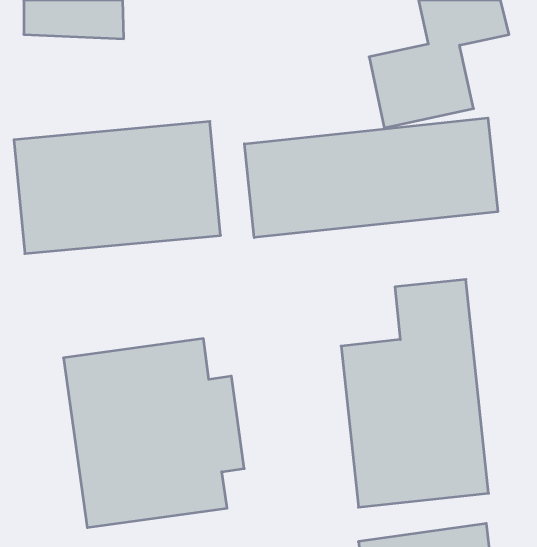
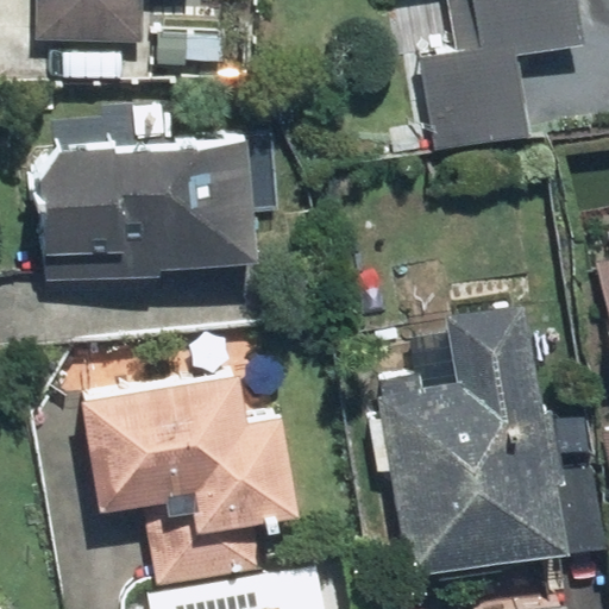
building: [244,118,498,238] -> none

